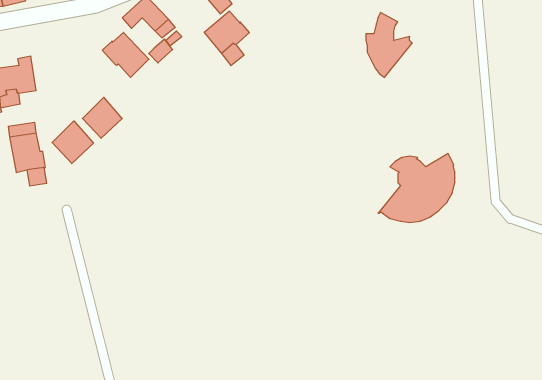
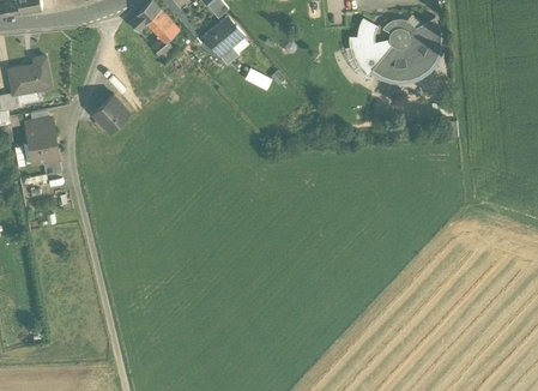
building: [102,32,149,77] -> none
building: [52,121,93,164] -> none
building: [378,154,455,222] -> [369,16,439,78]

